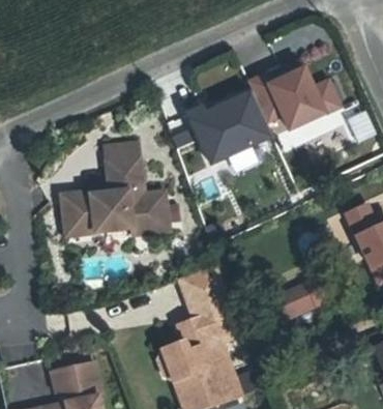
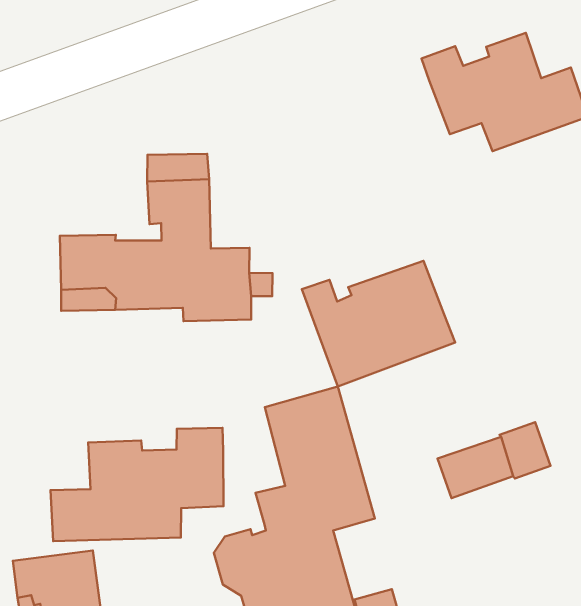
building: [188,93,273,165] -> [302,261,455,386]
building: none -> [51,428,223,541]

